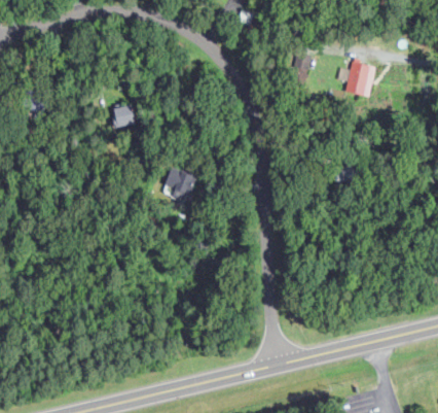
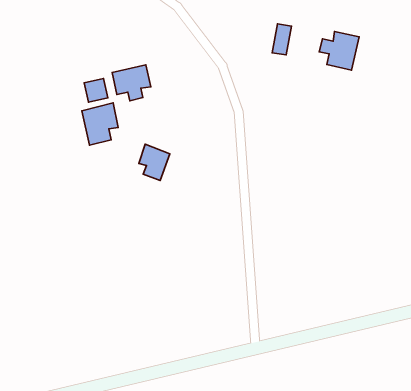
building: none -> [112,65,151,101]
building: none -> [82,103,118,145]

